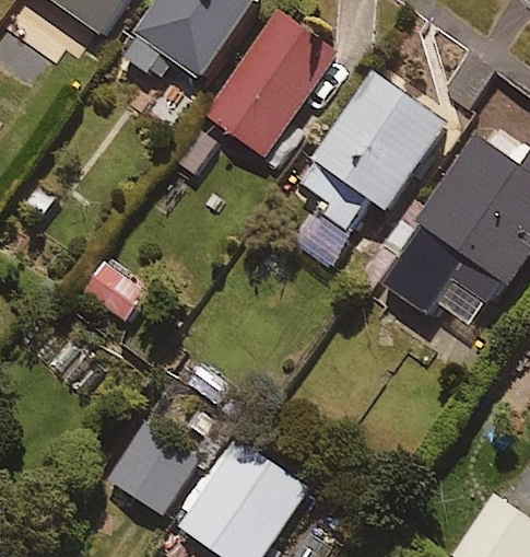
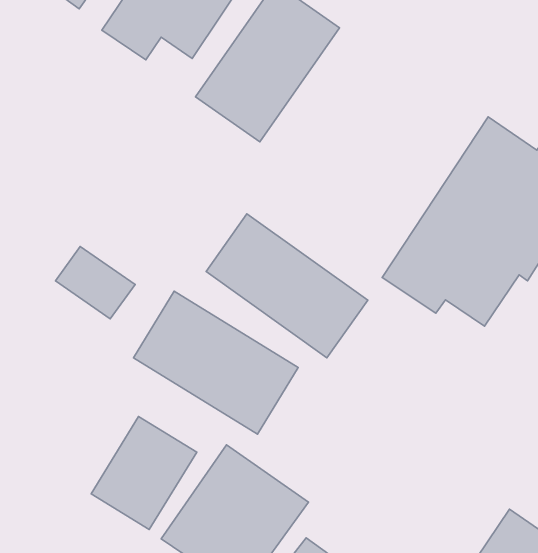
building: [291,70,448,229] -> none
building: none -> [206,214,368,358]
building: none -> [134,291,298,434]

